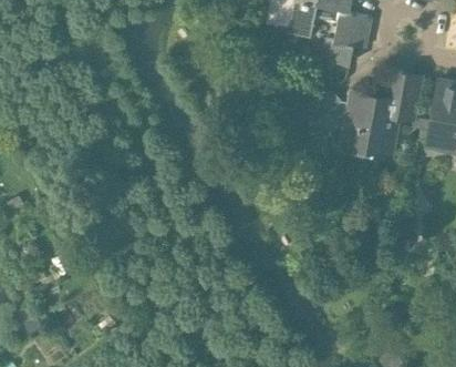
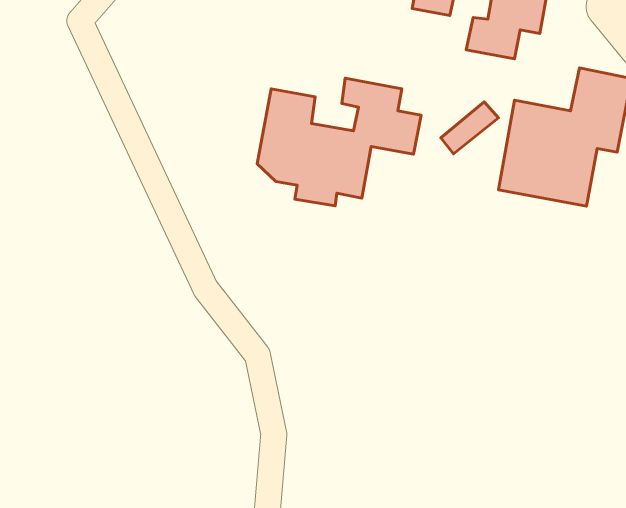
building: none -> [257,78,421,206]

